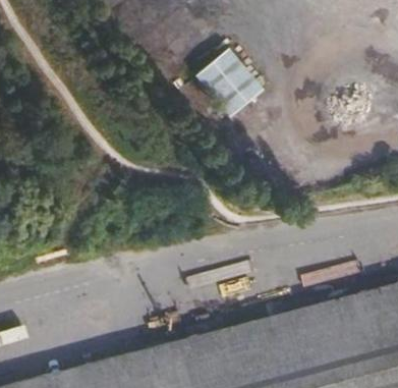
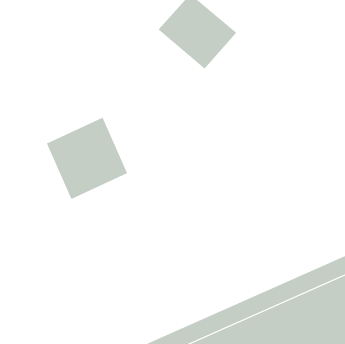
building: none -> [46,117,128,200]

